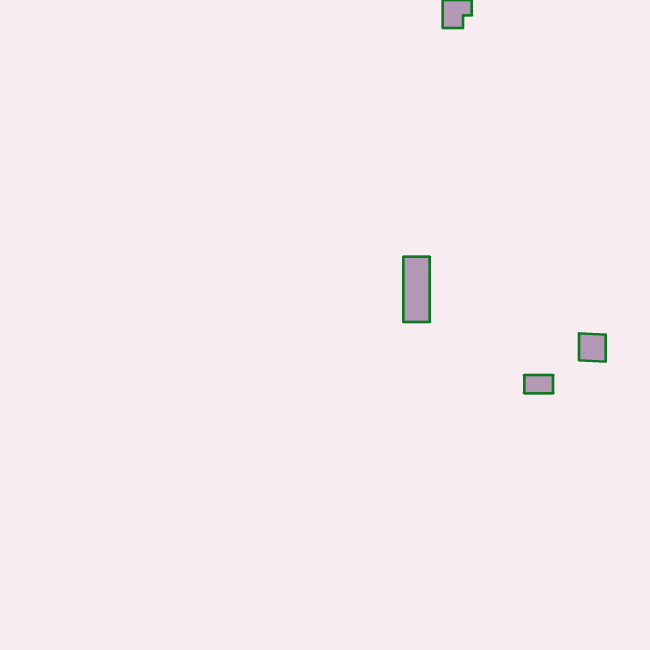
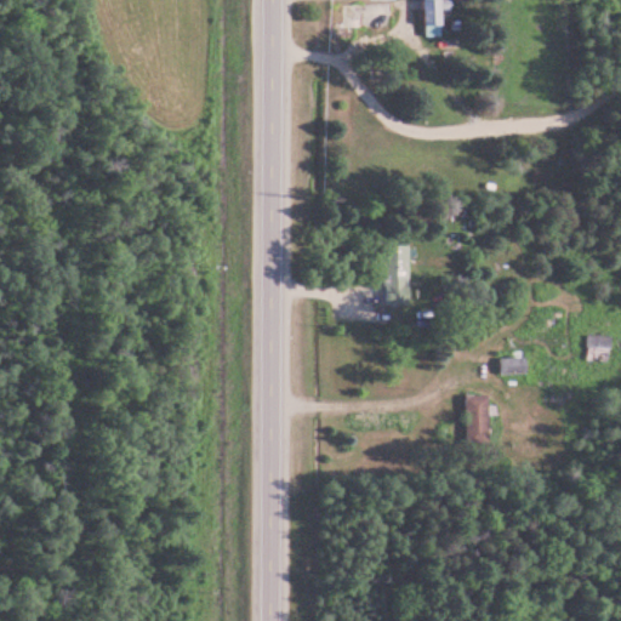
building: [579,333,606,361] -> [588,336,614,363]
building: none -> [466,395,489,444]

